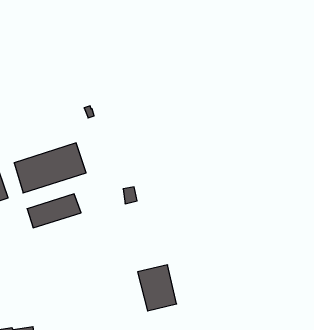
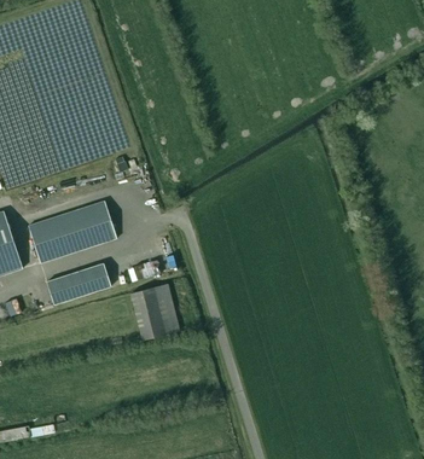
building: [138,265,177,311] -> [130,285,178,341]

